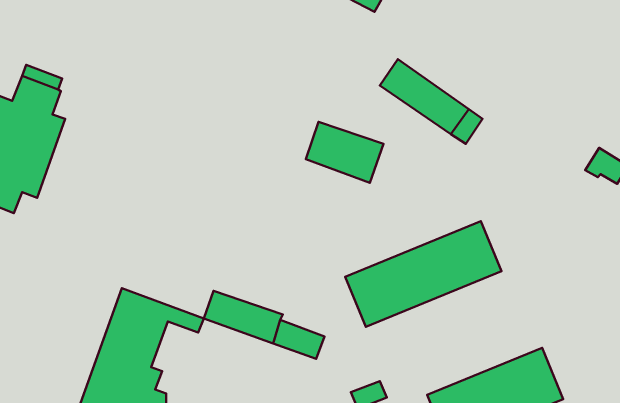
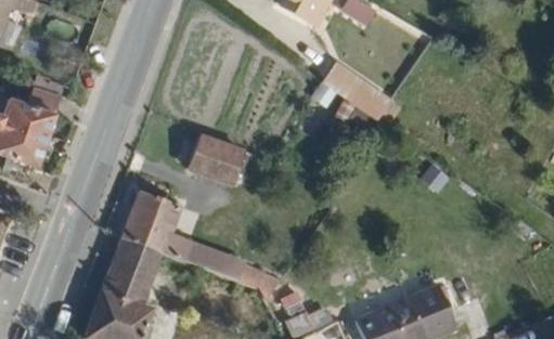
building: [306,122,384,183] -> [185,134,246,182]
building: none -> [119,187,191,265]
building: [345,221,501,327] -> none

